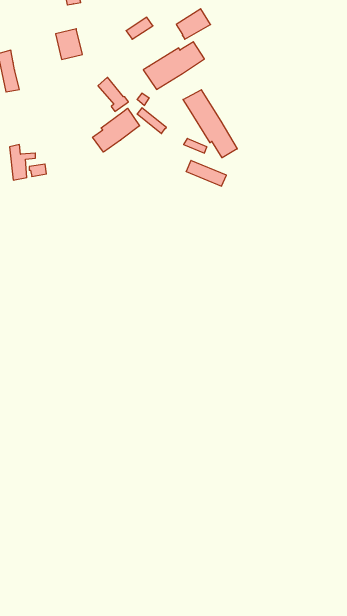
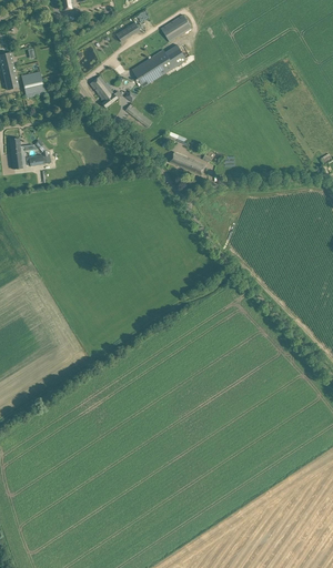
building: [56,29,82,59] -> [21,69,46,97]
building: [183,90,237,158] -> none
building: [93,108,140,152] -> none

